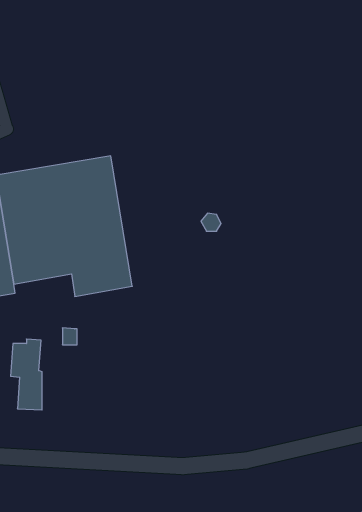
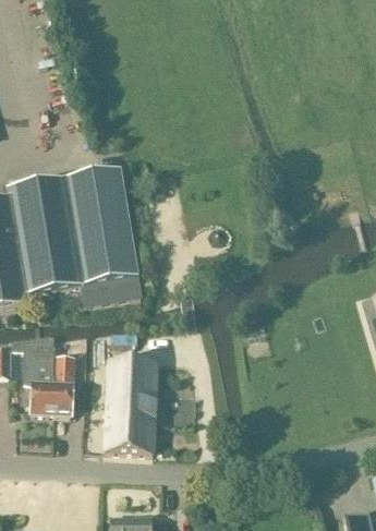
building: none -> [49,347,74,415]
building: none -> [104,360,156,451]

